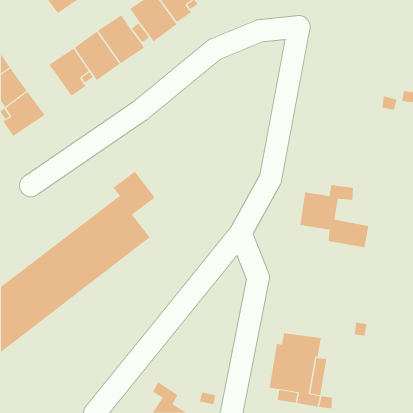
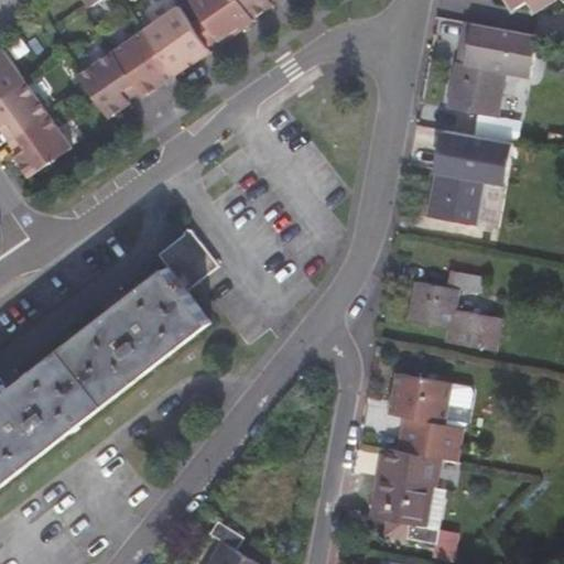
building: none -> [438,20,538,126]
building: none -> [432,129,509,223]
building: none -> [387,361,468,464]

